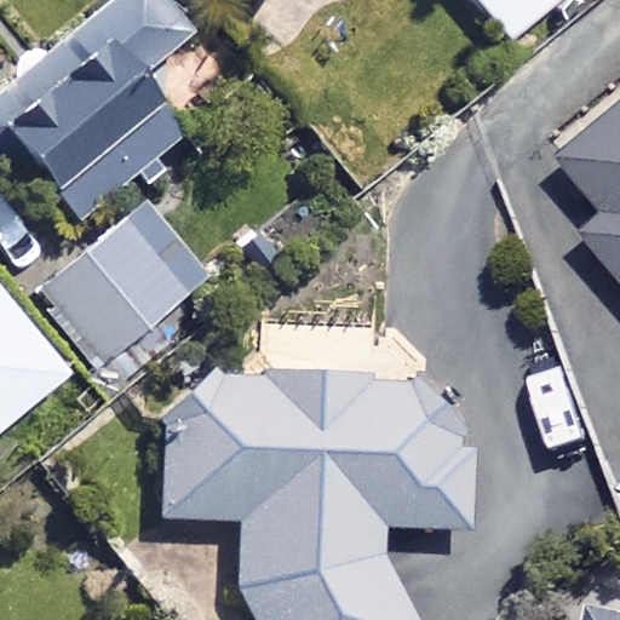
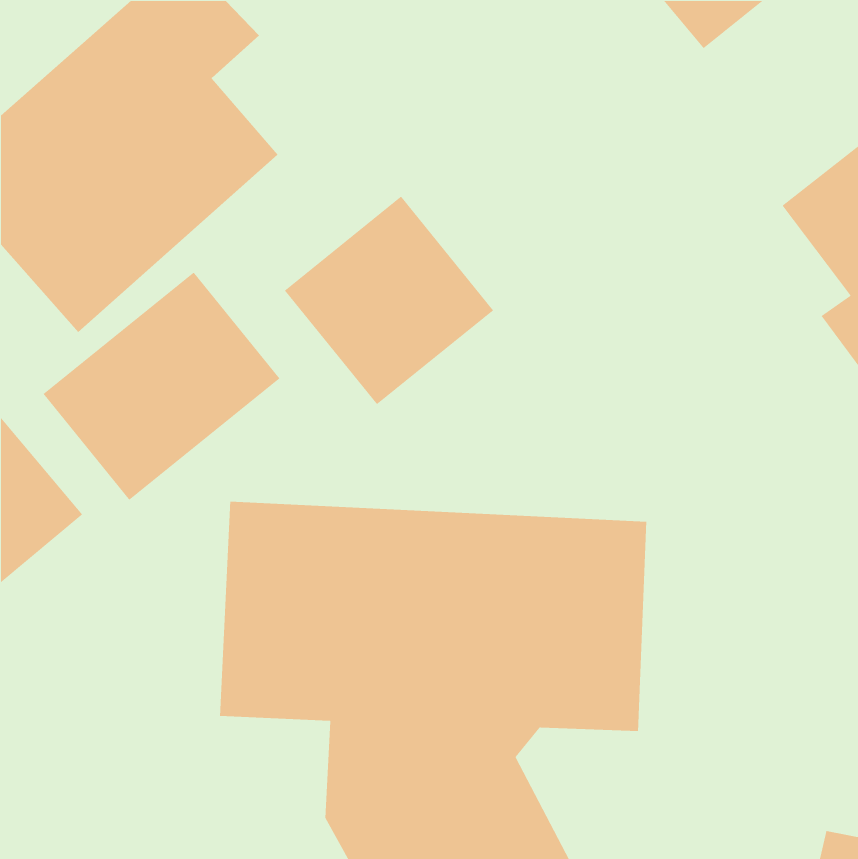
building: none -> [284,196,494,405]

